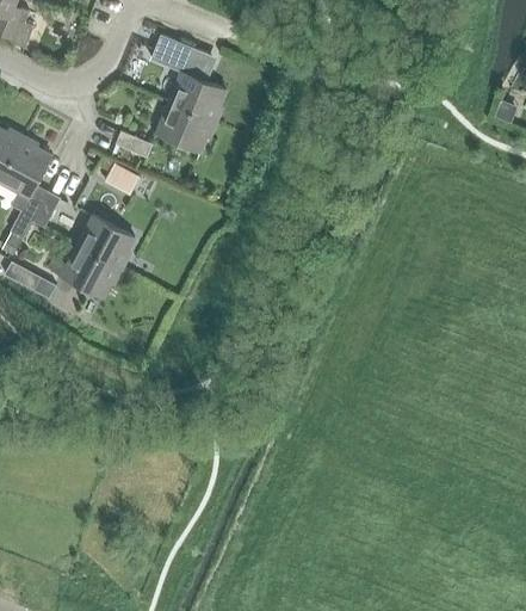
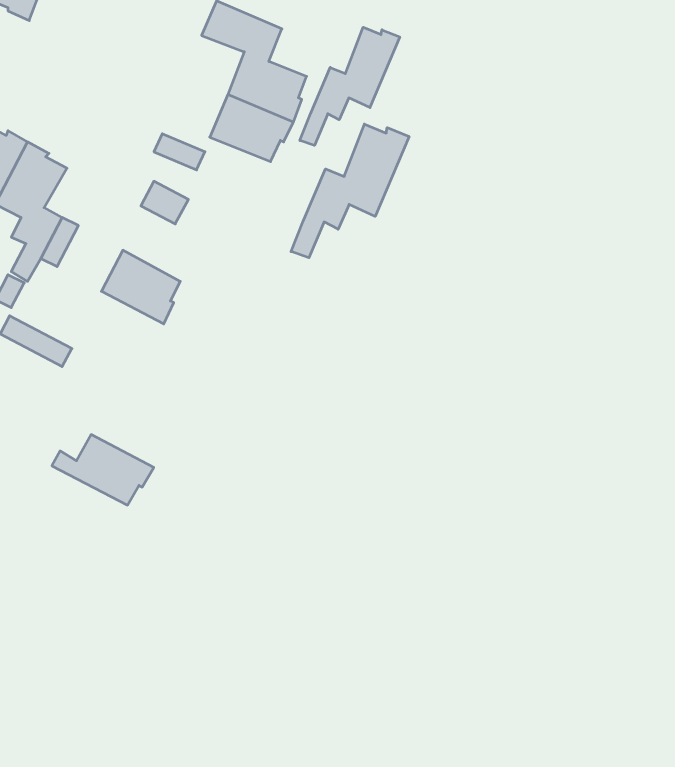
building: none -> [300,27,400,145]
building: none -> [291,124,409,258]
building: [49,245,123,296] -> [52,435,154,505]

